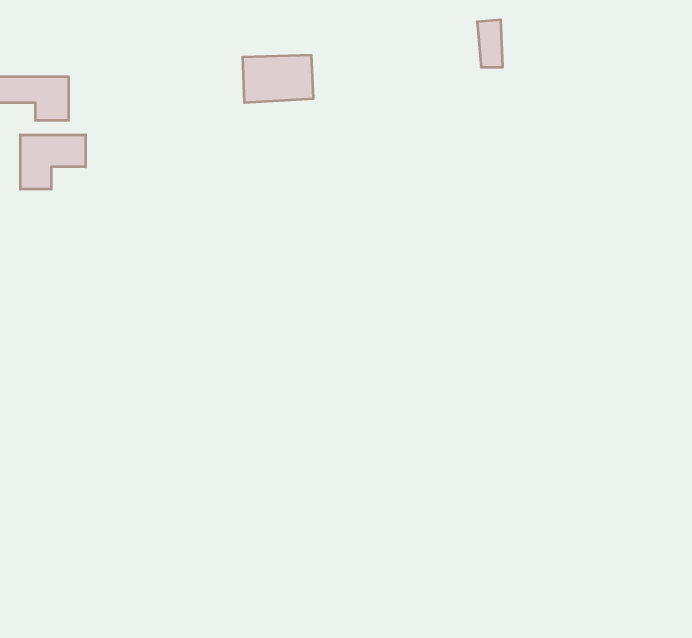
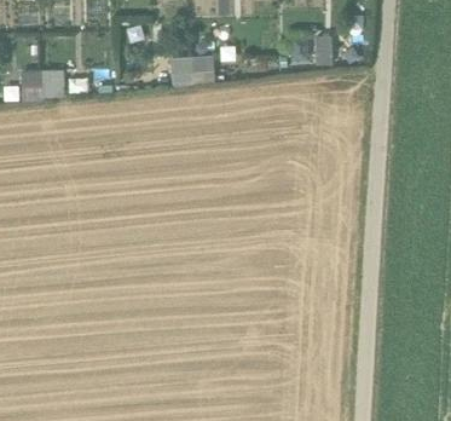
building: [20,135,86,189] -> none

